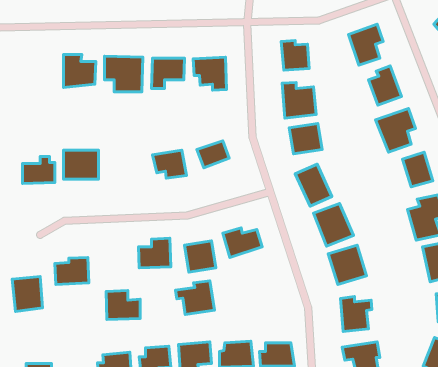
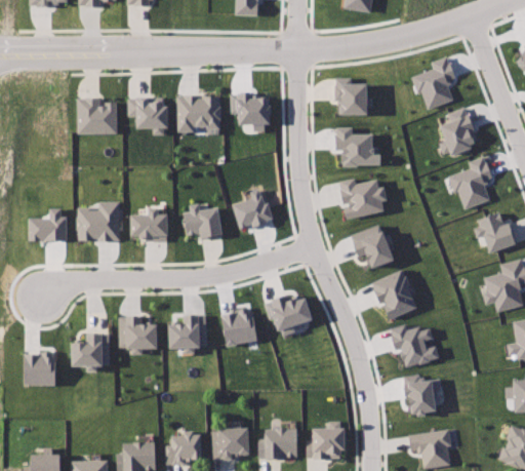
building: none -> [130,212,167,241]
building: [175,281,215,314] -> none
building: [106,291,140,319] -> [120,317,160,351]

